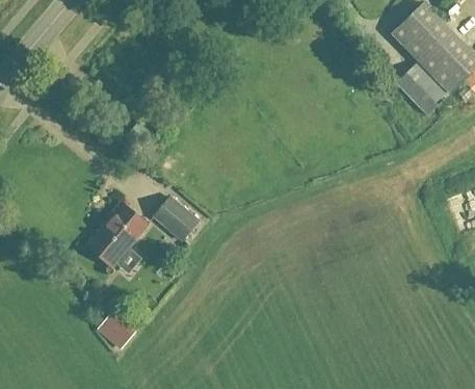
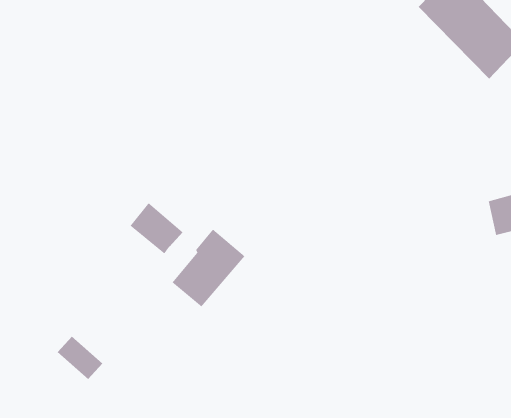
building: [395,61,448,115] -> none
building: [86,201,148,266] -> [171,229,245,307]

